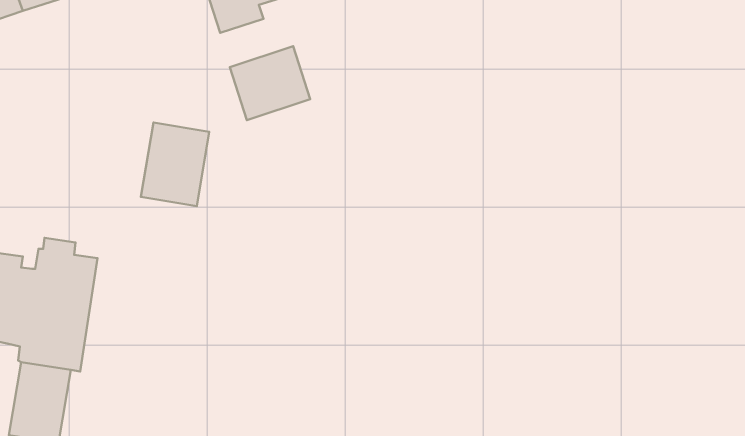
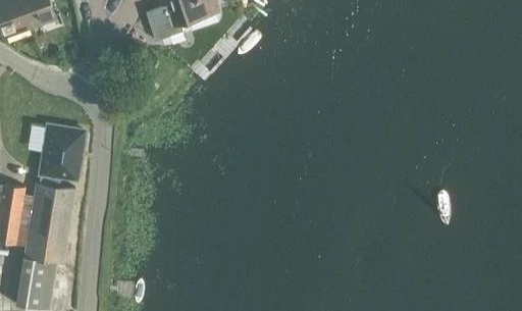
building: [230,46,310,120] -> none
building: [141,122,209,206] -> [40,124,85,179]

